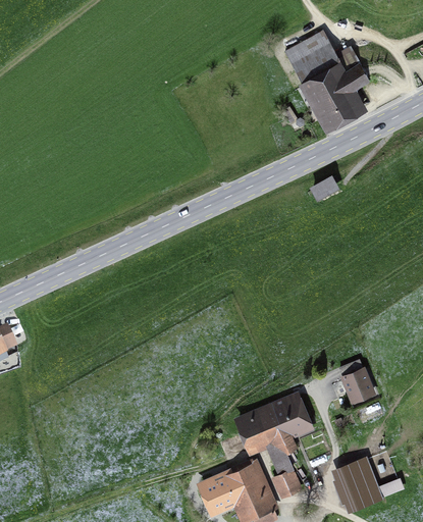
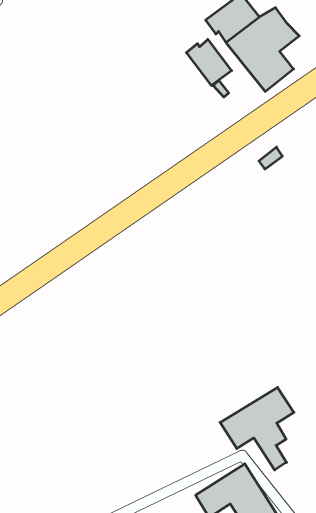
building: none -> [186,39,232,86]
building: [273,470,299,497] -> none

